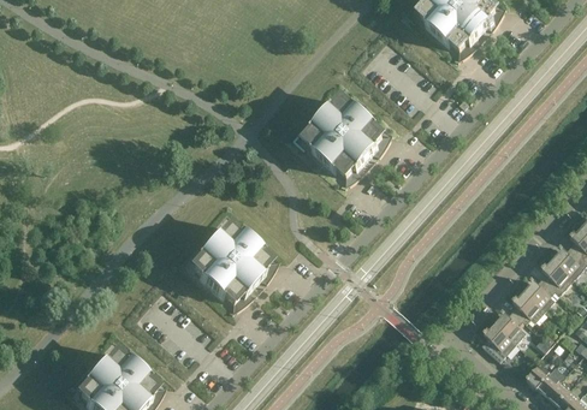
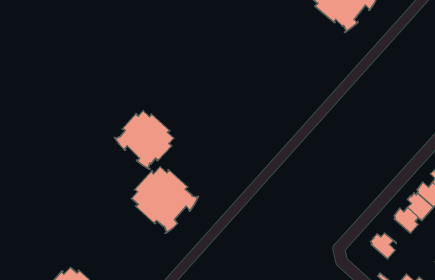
building: [304,100,389,183] -> none
building: none -> [115,111,174,169]
building: [510,291,542,321] -> none
building: [480,323,514,360] -> none

